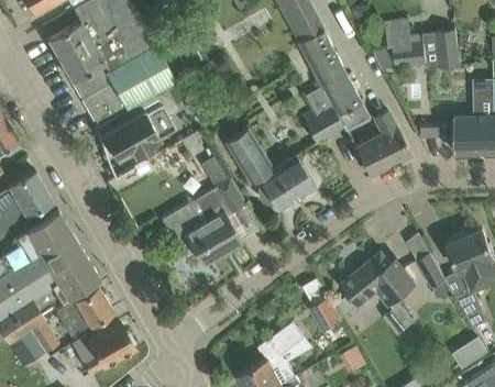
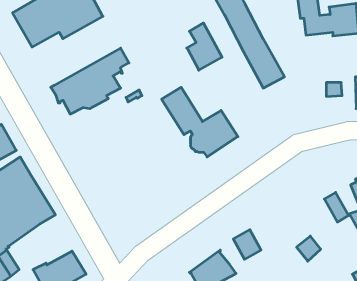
building: [72,45,176,126] -> none
building: [301,87,343,143] -> [187,23,222,70]
building: [355,112,410,176] -> none
building: [161,156,245,266] -> none
building: [341,254,416,309] -> none
building: [55,286,112,336] -> none

